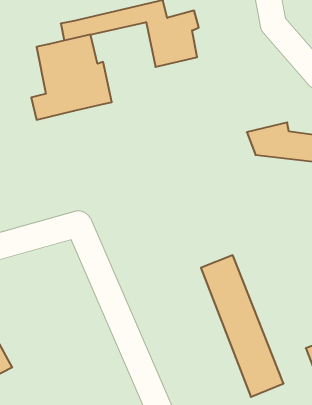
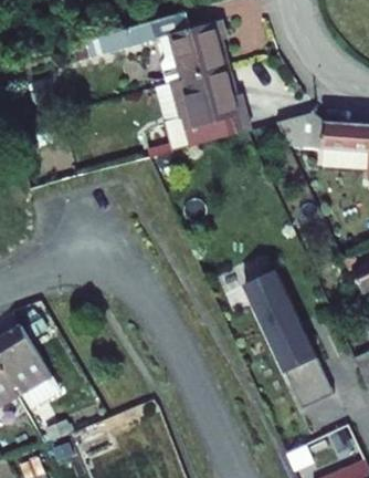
building: [31,35,112,120] -> [170,69,251,157]

